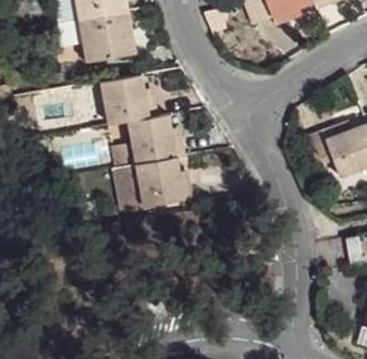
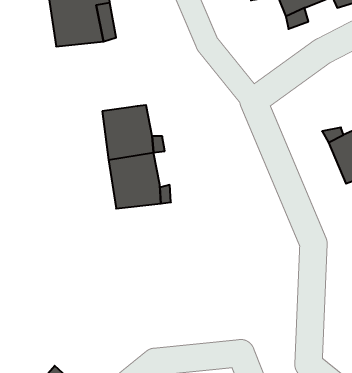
building: [96,66,144,119] -> none

